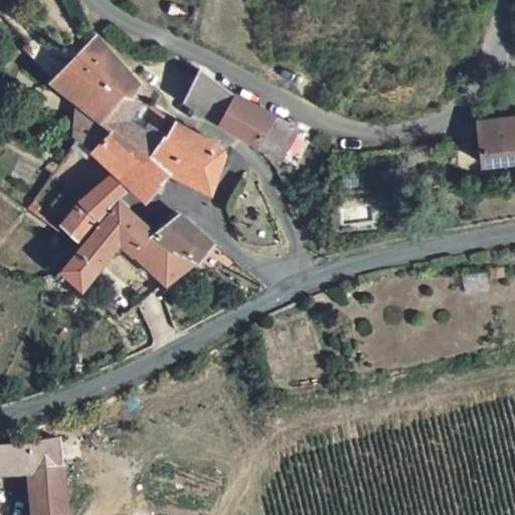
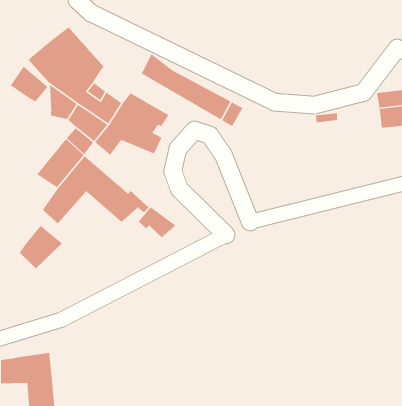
building: none -> [10,65,49,102]
building: [160,218,208,259] -> [138,206,176,238]
building: none -> [19,225,63,269]

